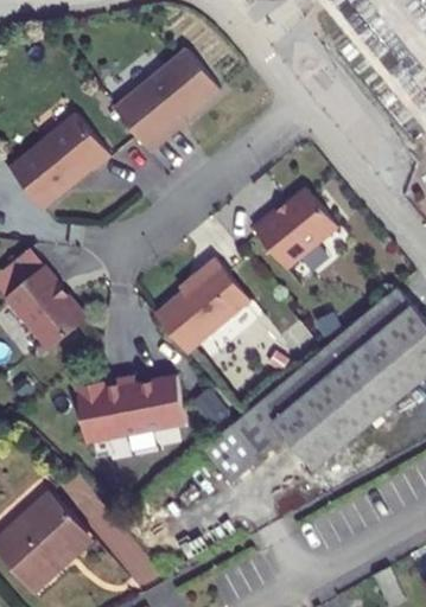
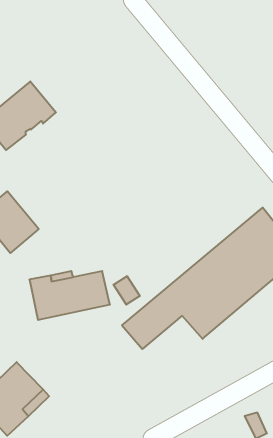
building: [112,49,218,152] -> none
building: [250,187,336,268] -> none
building: [153,257,248,352] -> none

